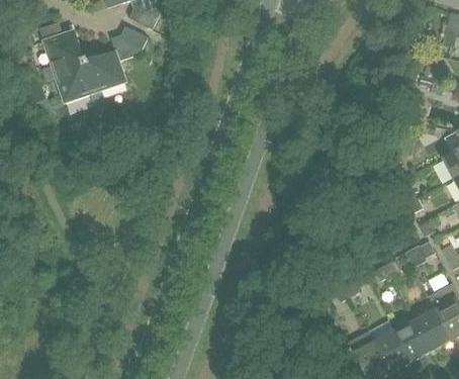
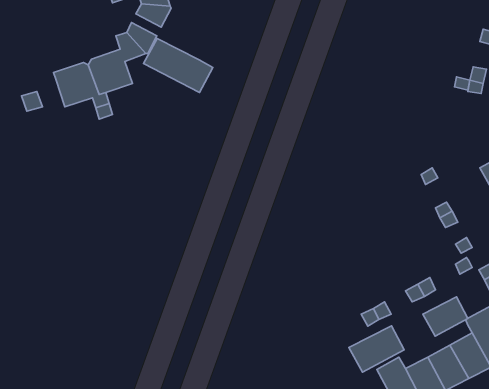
building: [41,28,83,80] -> none
building: none -> [144,39,213,93]
building: none -> [423,297,468,336]
building: none -> [349,326,404,372]

